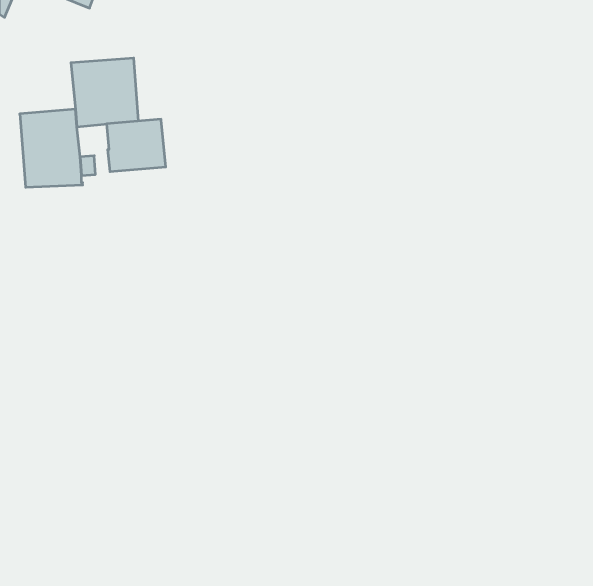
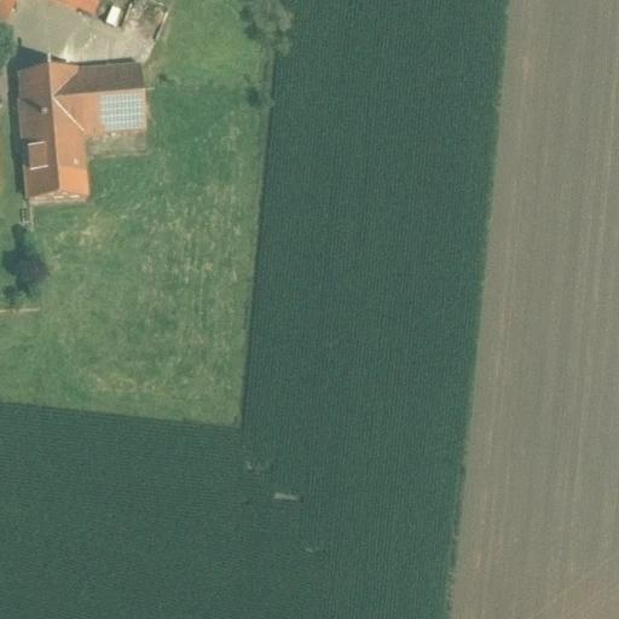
building: [106,119,166,172] -> [17,64,79,118]

